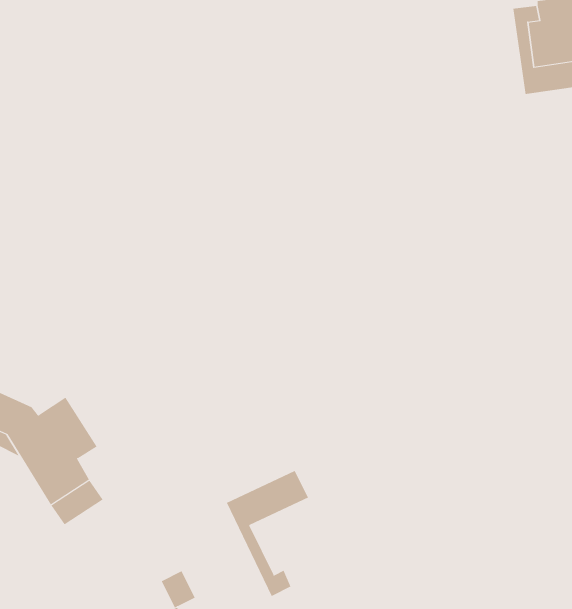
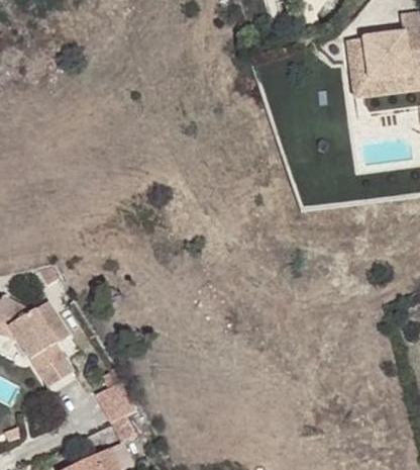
building: [226,470,309,597] -> none
building: none -> [96,382,133,422]

